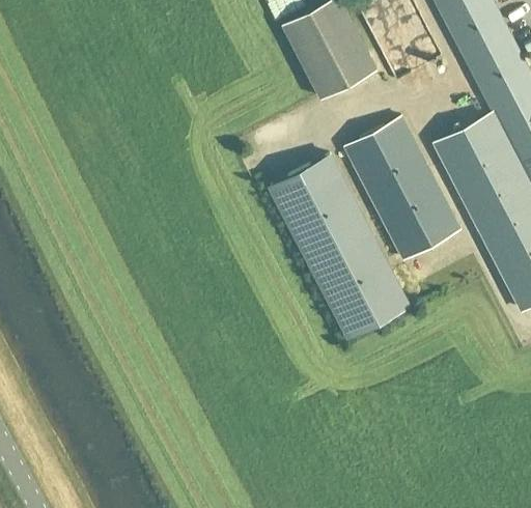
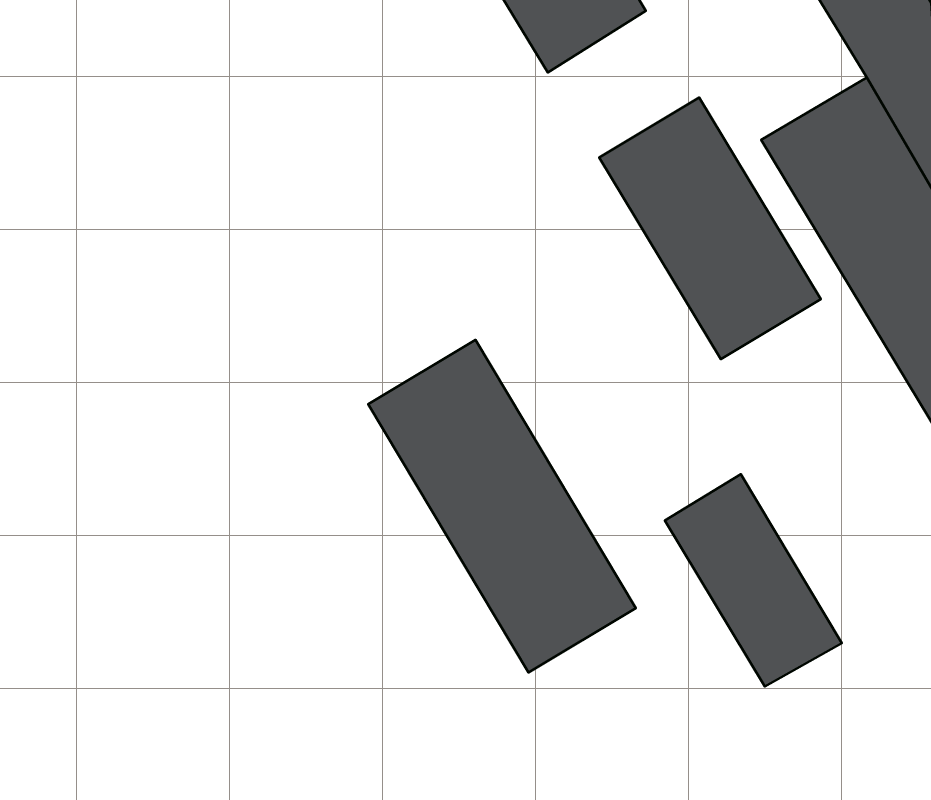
building: [269,157,407,338] -> [368,340,636,672]
building: none -> [665,474,842,686]

